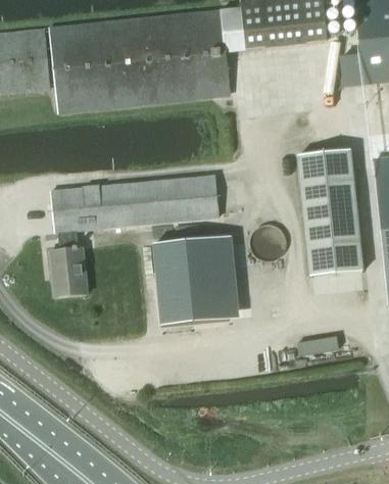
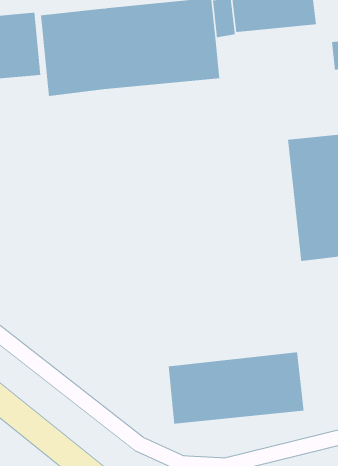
building: [50,176,218,297] -> none
building: [152,237,228,324] -> none
building: none -> [168,351,304,425]

